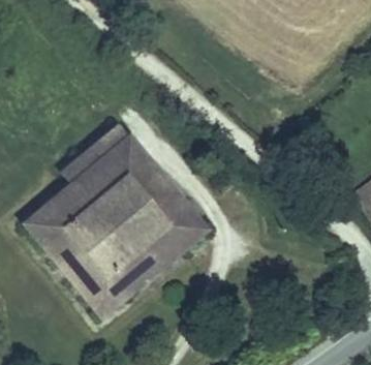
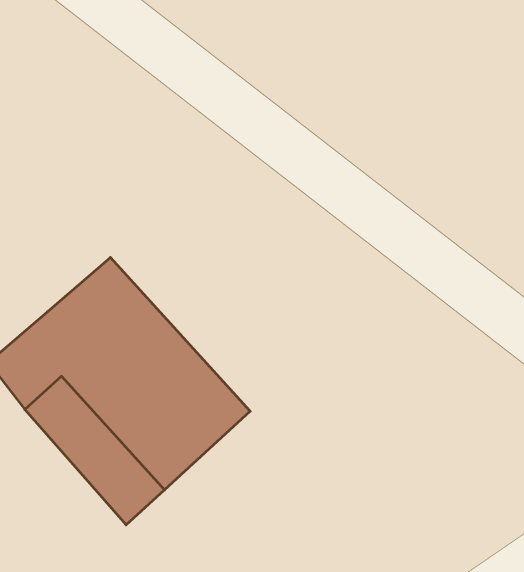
building: [47,122,205,252] -> none

